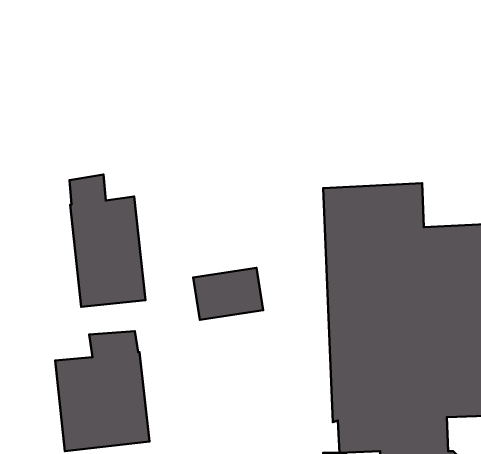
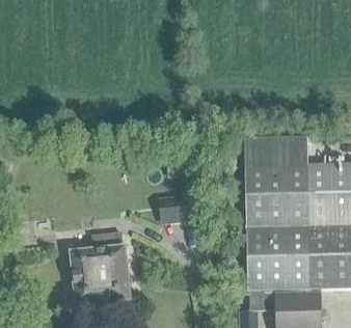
building: [69,175,145,307] -> none

